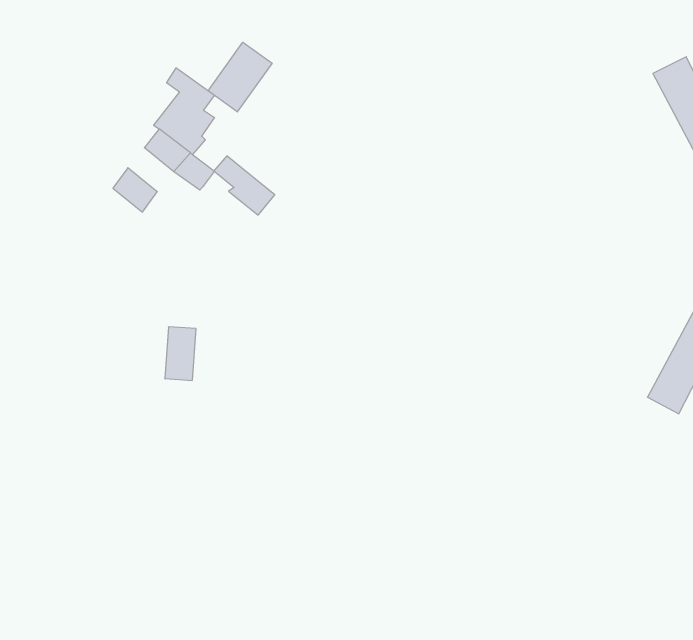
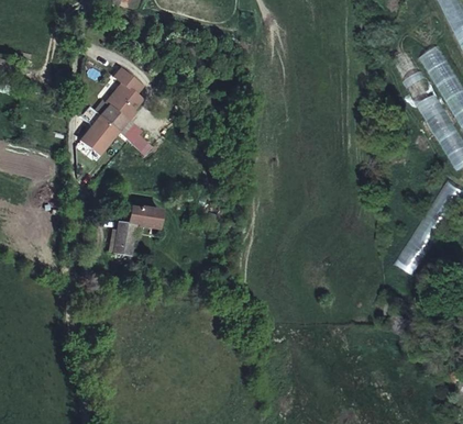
building: [208,42,272,112] -> none
building: [214,156,275,215] -> [82,107,119,142]
building: none -> [124,205,156,224]

